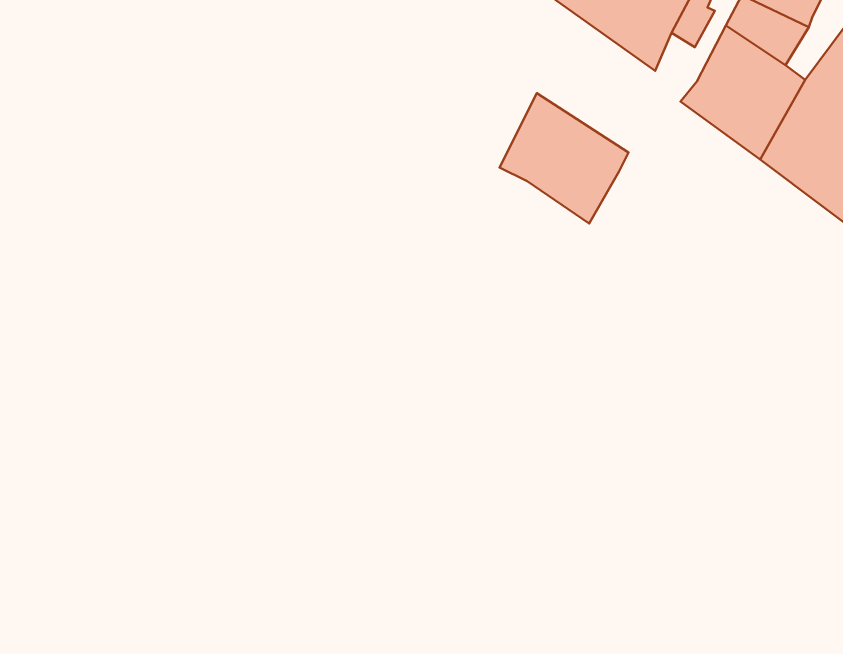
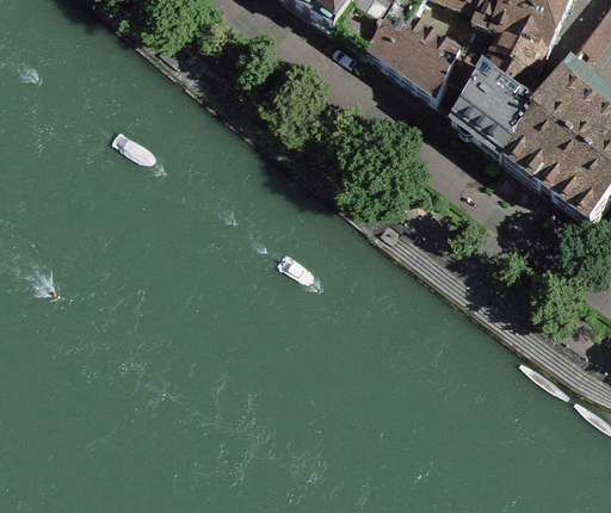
building: [500,93,629,224] -> none

